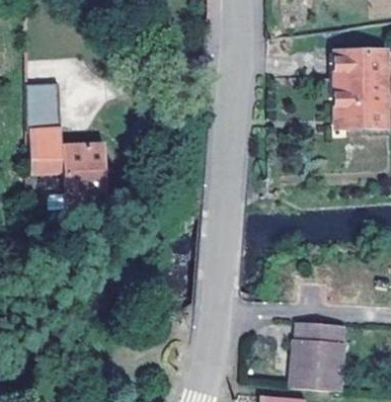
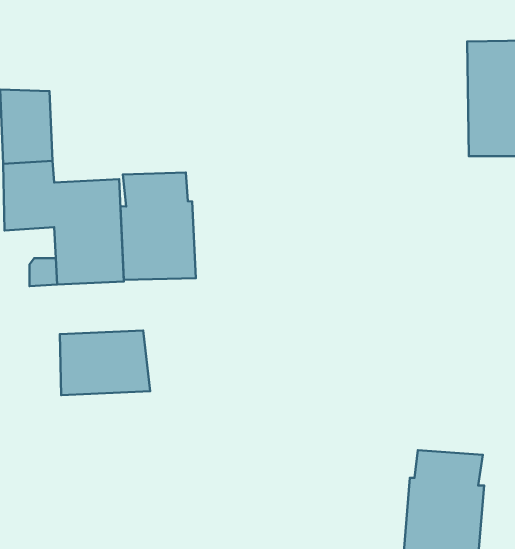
building: none -> [120,172,196,280]
building: none -> [60,331,150,395]

